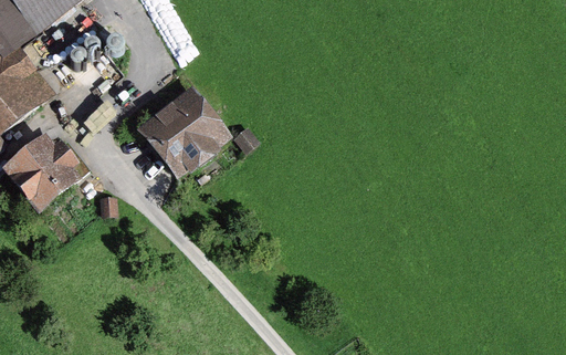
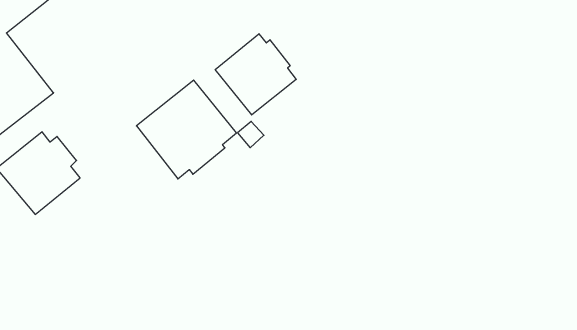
building: none -> [215,34,296,115]

